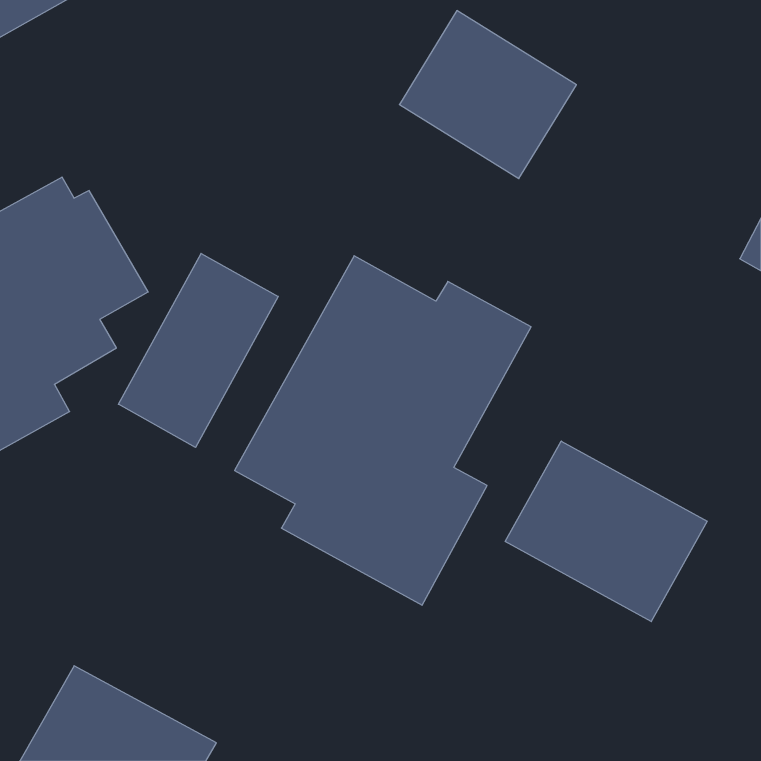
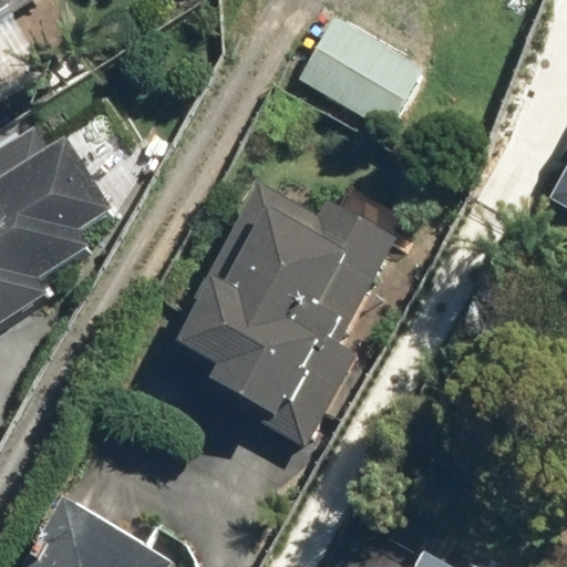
building: [118,253,278,447] -> none
building: [505,441,707,622] -> none

